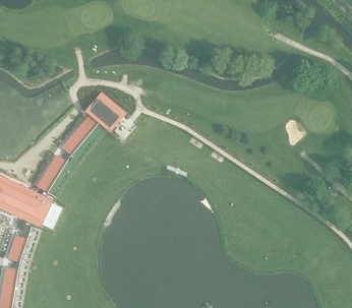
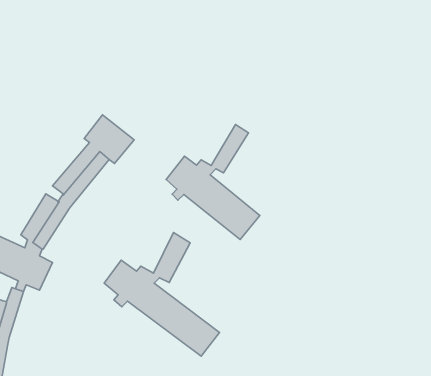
building: none -> [166,125,260,240]
building: none -> [104,232,219,356]

